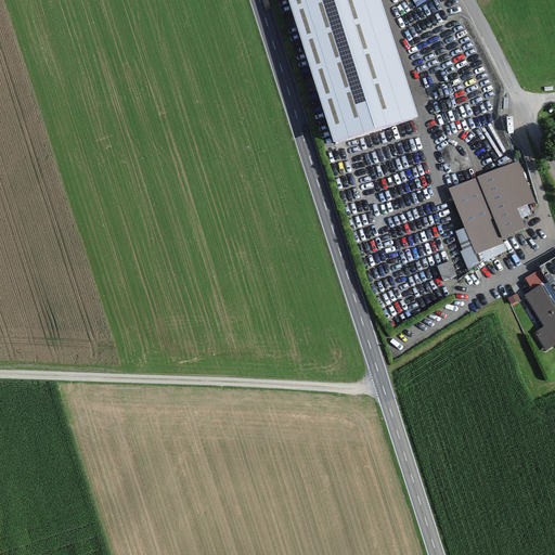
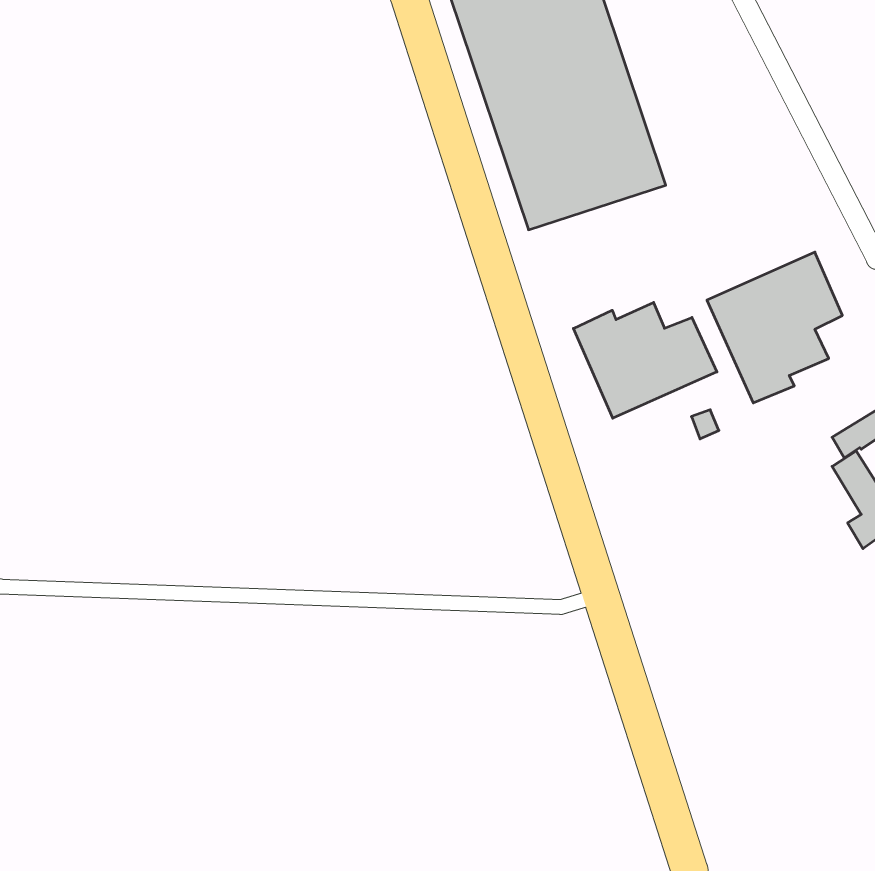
building: none -> [573,302,717,418]

